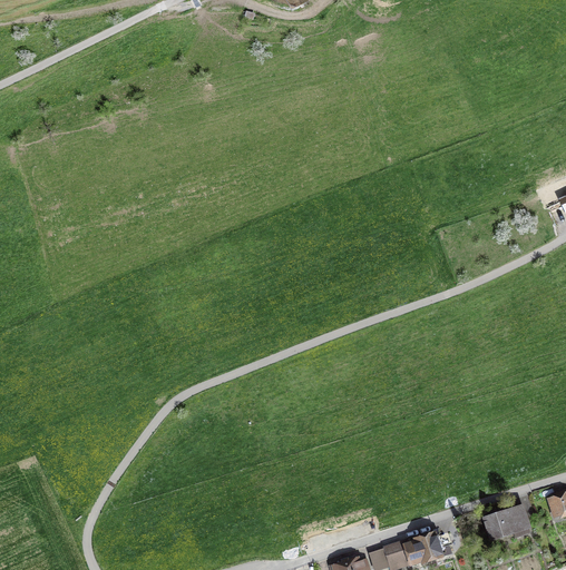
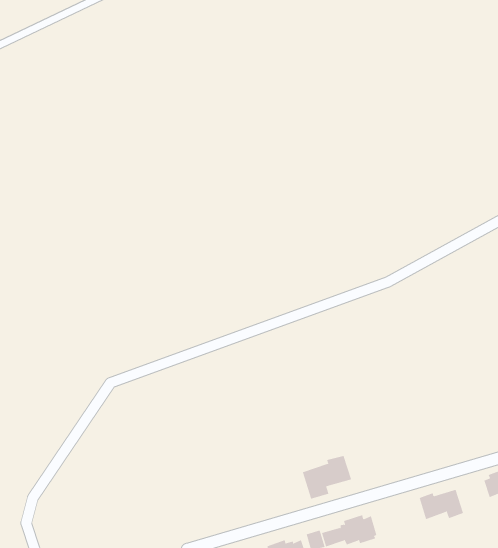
building: none -> [302,455,352,499]

